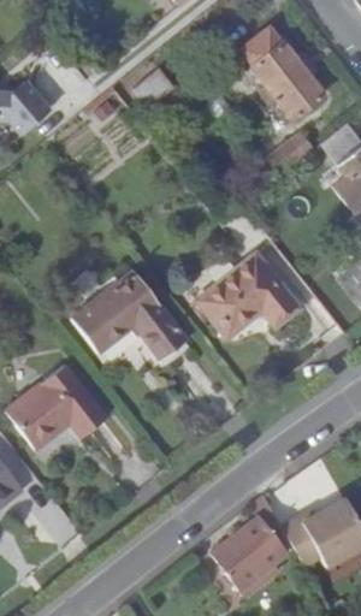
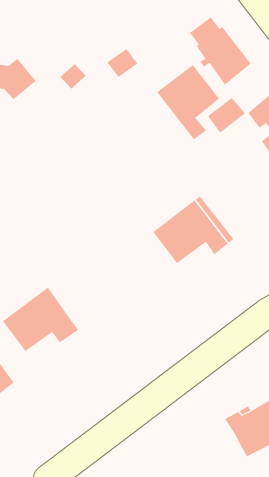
building: none -> [156,64,220,140]
building: [77,270,189,359] -> none
building: [218,502,294,599] -> none

